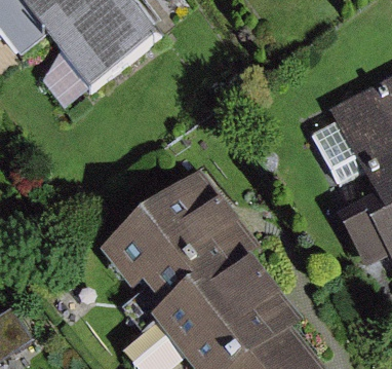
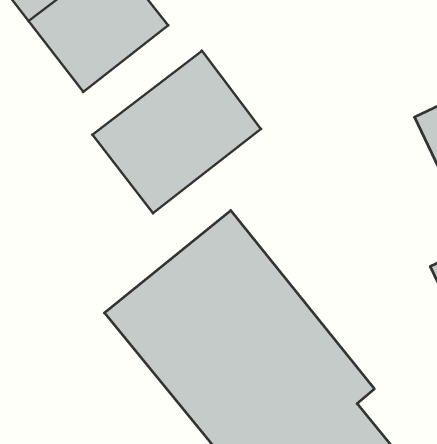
building: none -> [92,51,261,213]

